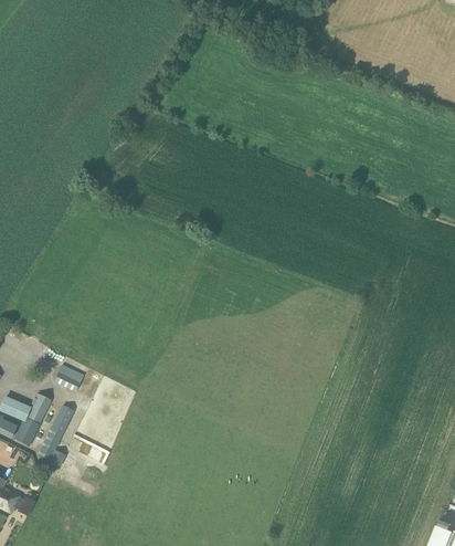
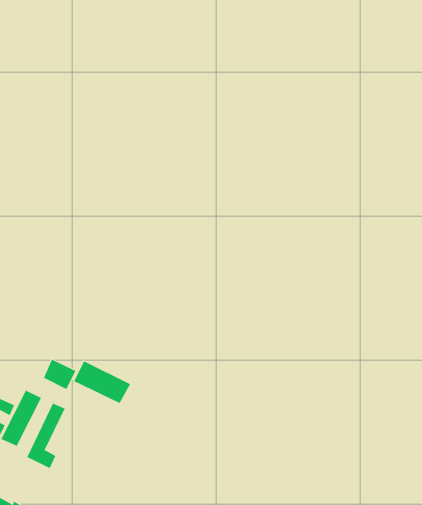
building: none -> [73,360,131,404]

